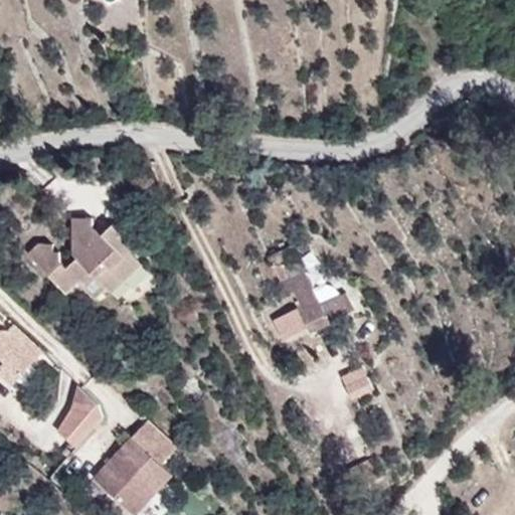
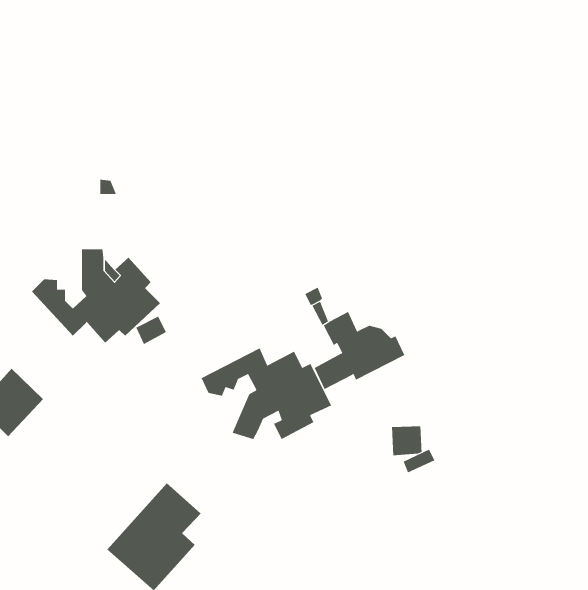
building: none -> [201,348,332,440]
building: [54,389,103,441] -> none

